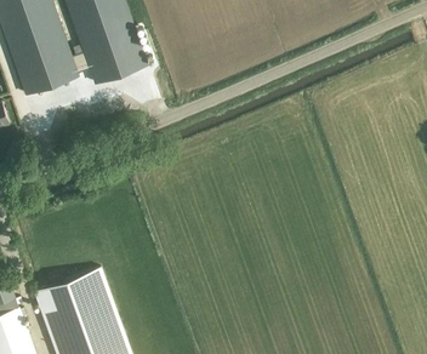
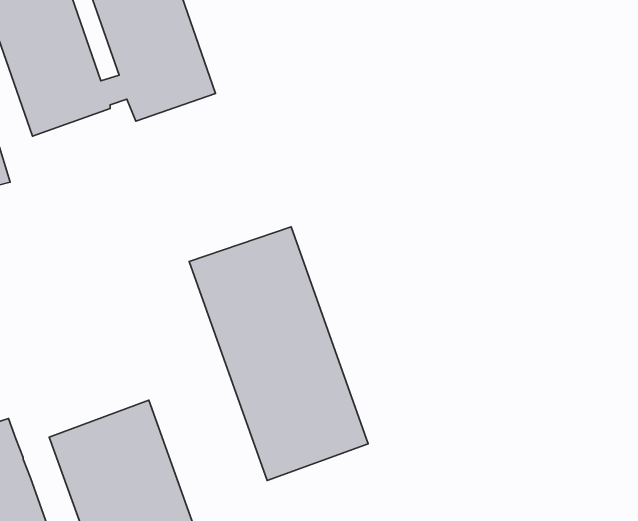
building: none -> [189,227,368,480]

